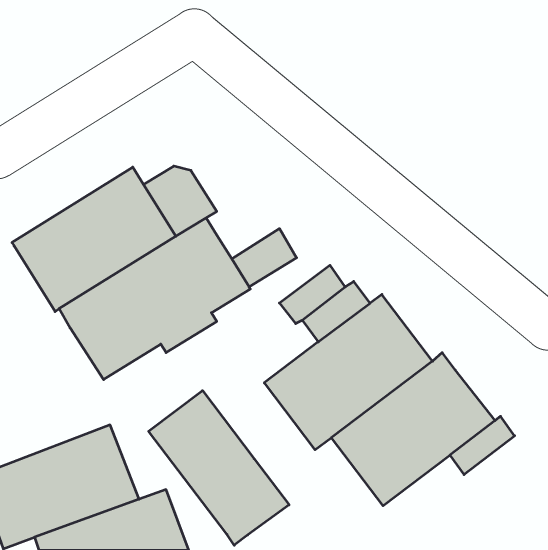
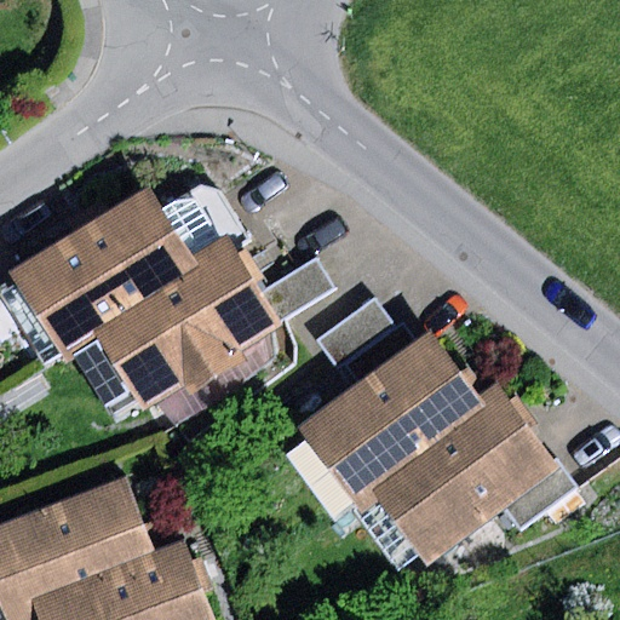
building: [149,391,289,545] -> none

